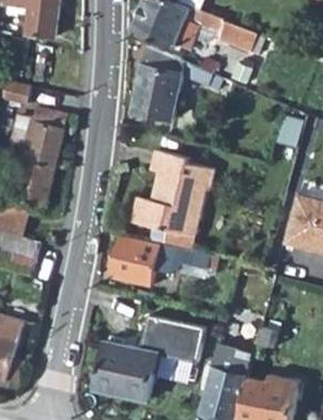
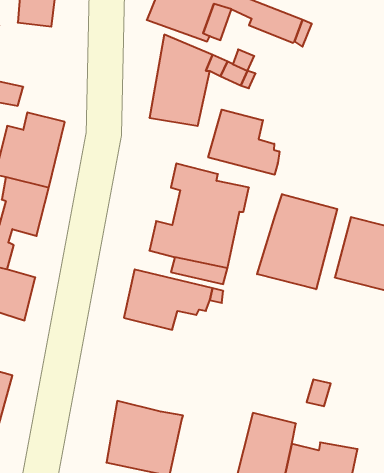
building: none -> [208,110,279,175]
building: none -> [257,194,337,289]
building: [141,319,202,365] -> none

